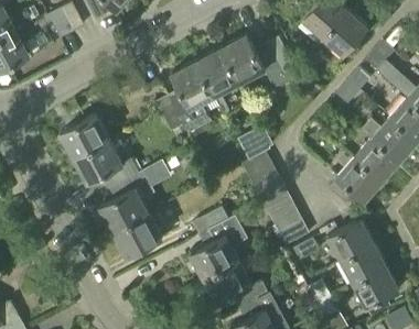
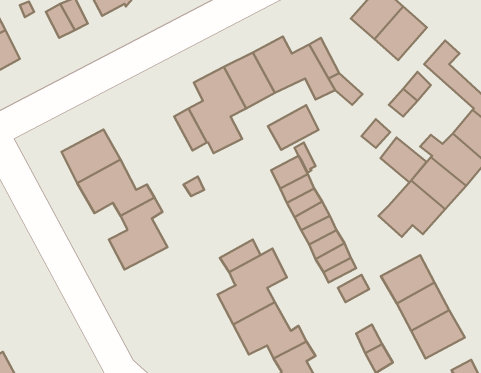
building: none -> [268,105,319,150]
building: none -> [380,137,427,182]
building: [112,213,162,257] -> none

